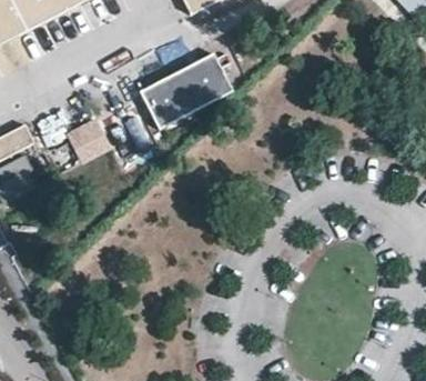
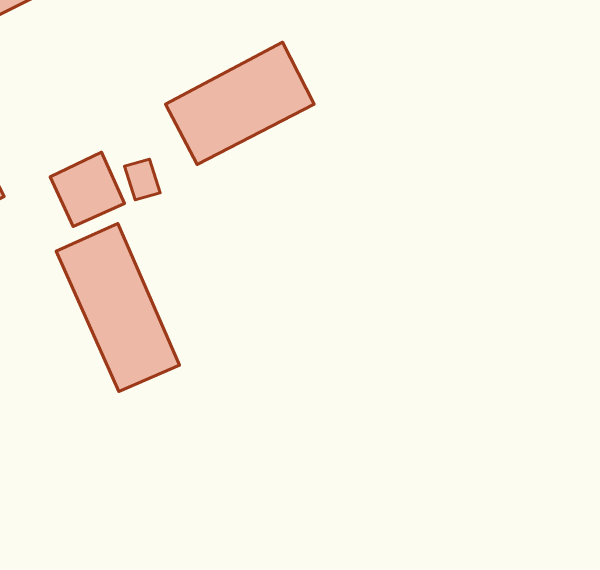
building: none -> [56,223,180,392]

